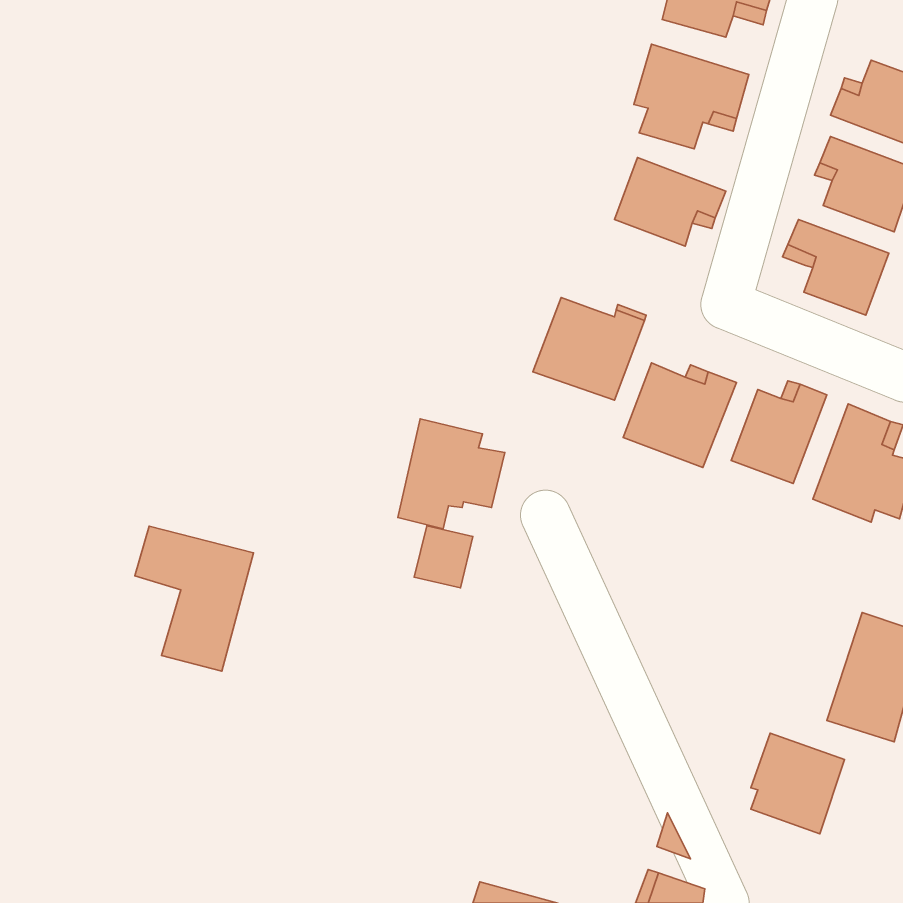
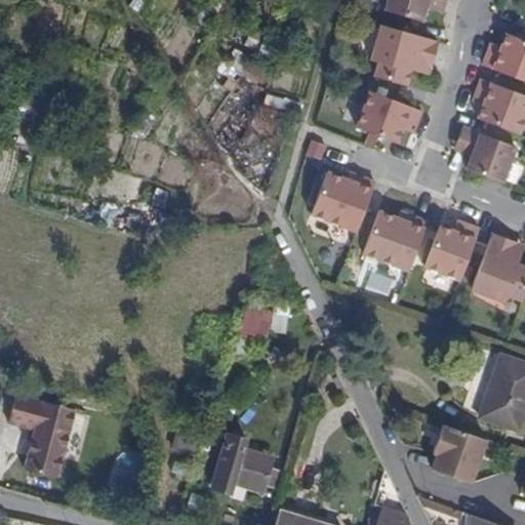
building: [398,419,505,529] -> none
building: [135,526,254,671] -> [11,394,80,478]
building: none -> [211,434,281,493]

